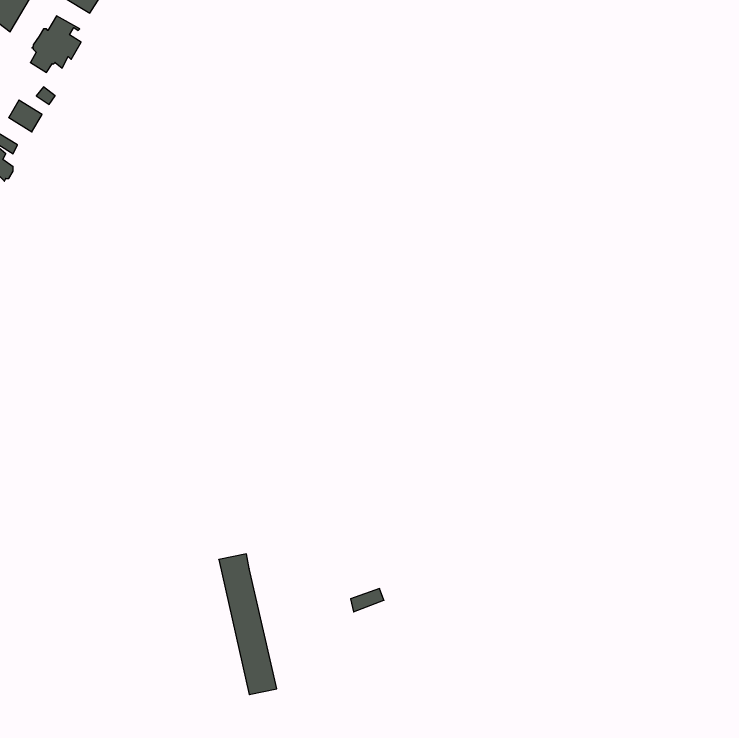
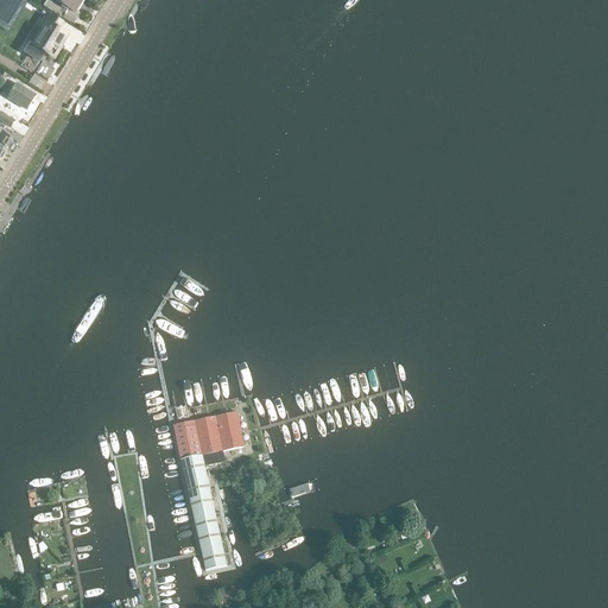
building: none -> [172,410,243,458]

